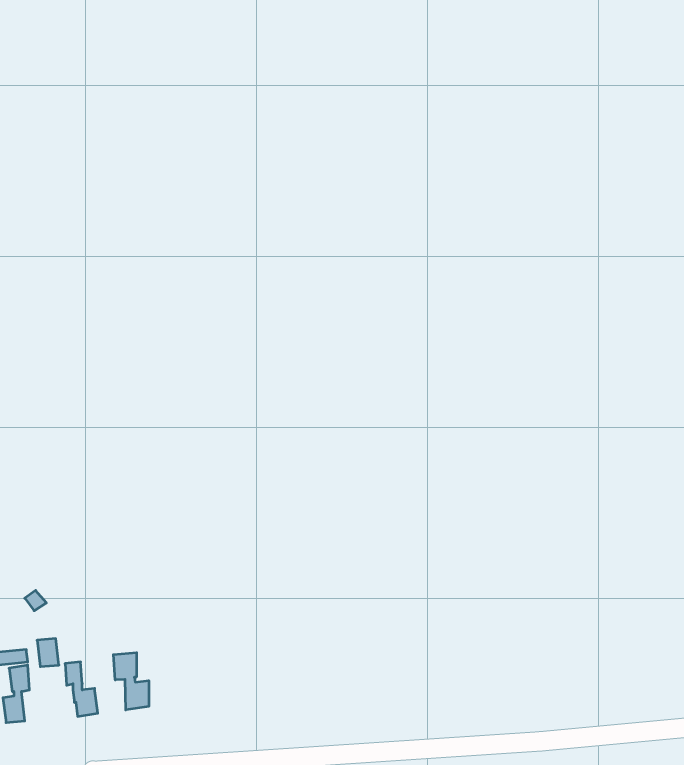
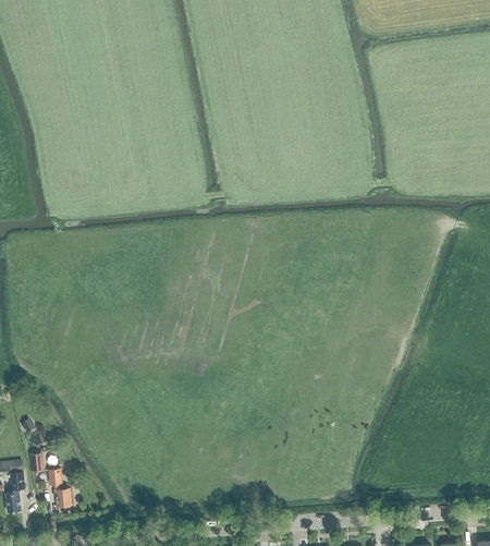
building: [113,653,149,710] -> none

